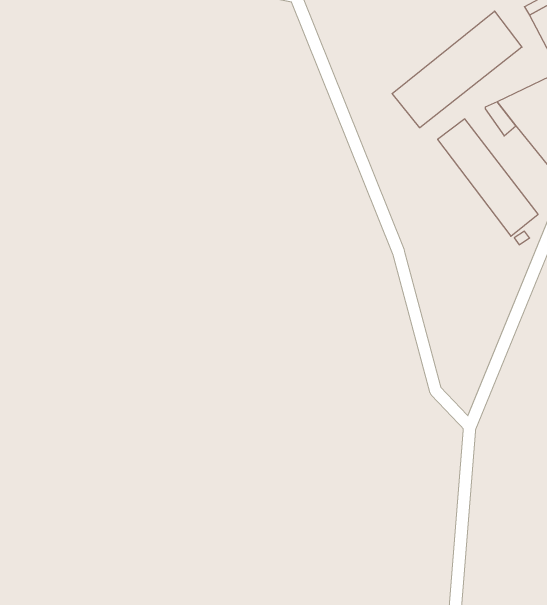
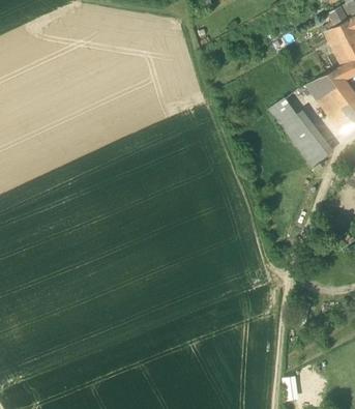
building: [392,11,522,128] -> none

